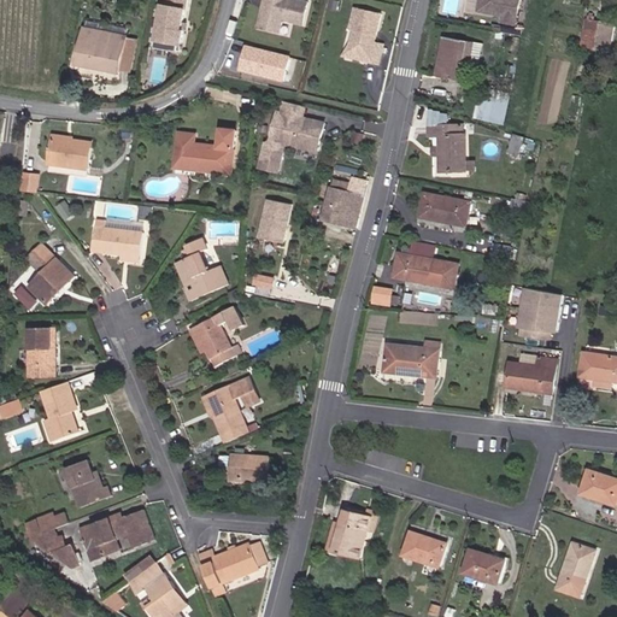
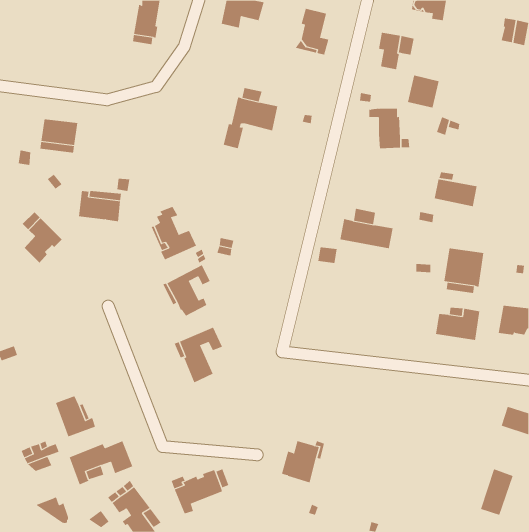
building: [76,29,135,72] -> none
building: [234,45,288,81] -> none
building: [172,129,235,172] -> none
building: [319,177,365,229] -> none
building: [418,194,469,227] -> [434,179,478,207]
building: [257,199,290,243] -> none
building: [27,329,55,376] -> none
building: [382,342,437,377] -> none
building: [40,382,77,442] -> none
building: [217,454,268,482] -> none
building: [402,531,445,566] -> none
building: [41,536,80,568] -> [36,496,69,523]
building: [462,550,504,583] -> none

